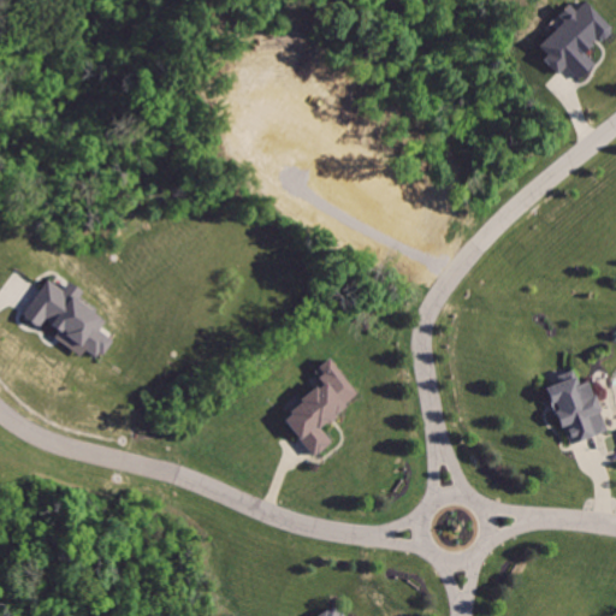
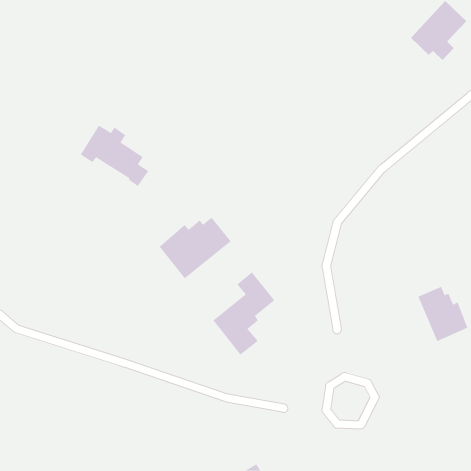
building: [19,279,109,360] -> [80,125,149,187]
building: none -> [159,217,232,279]

